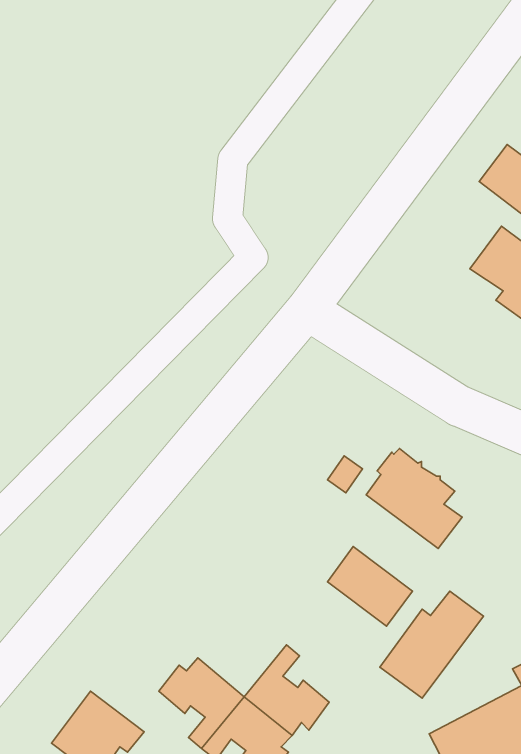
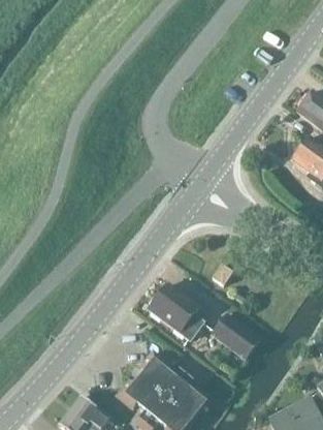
building: [366,448,462,549] -> [150,282,203,338]
building: [380,591,484,698] -> none
building: none -> [140,350,190,397]

